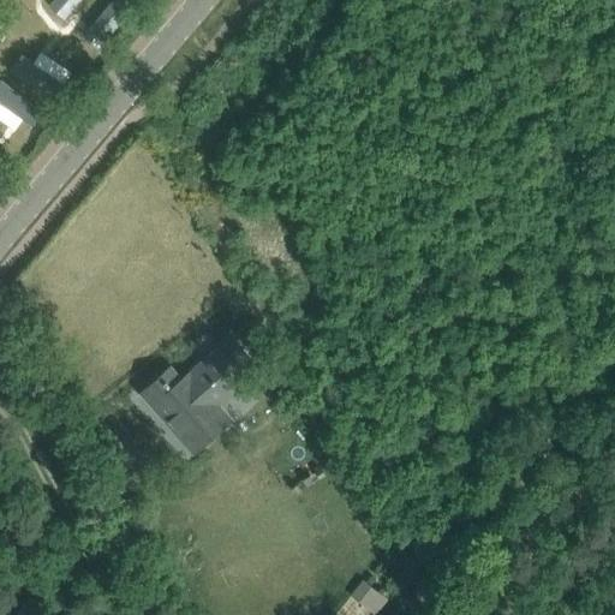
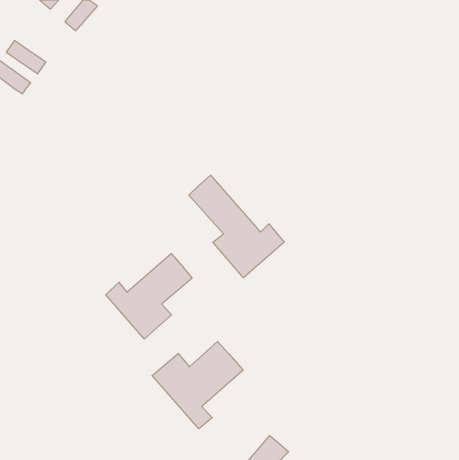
building: none -> [189,175,284,278]
building: none -> [152,341,243,429]

